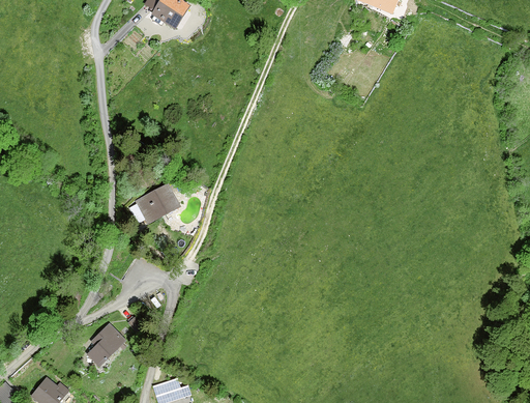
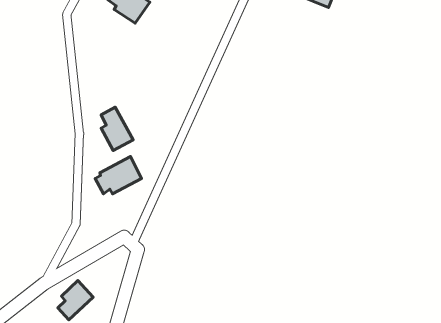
building: none -> [101,107,133,151]

